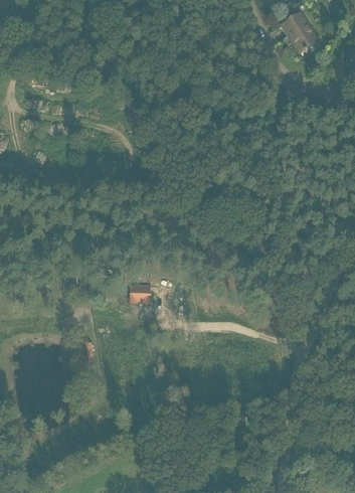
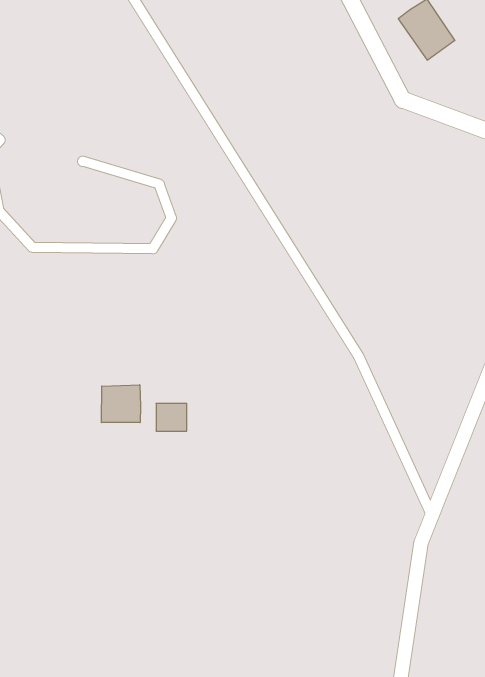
building: none -> [101,385,140,423]

